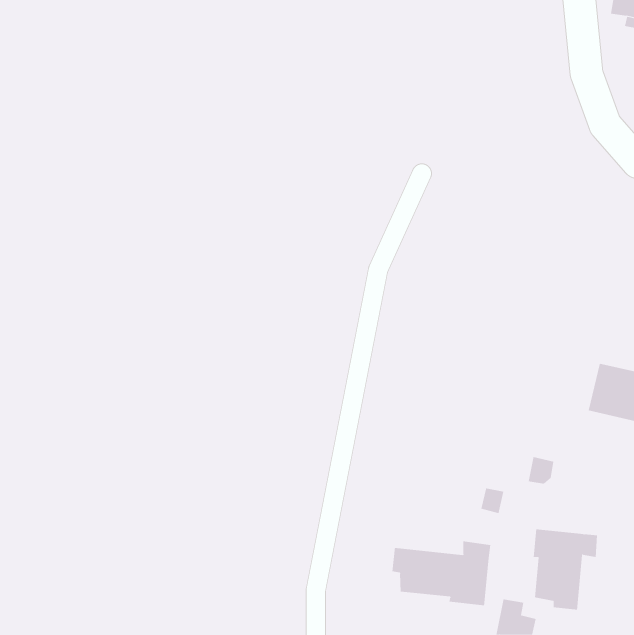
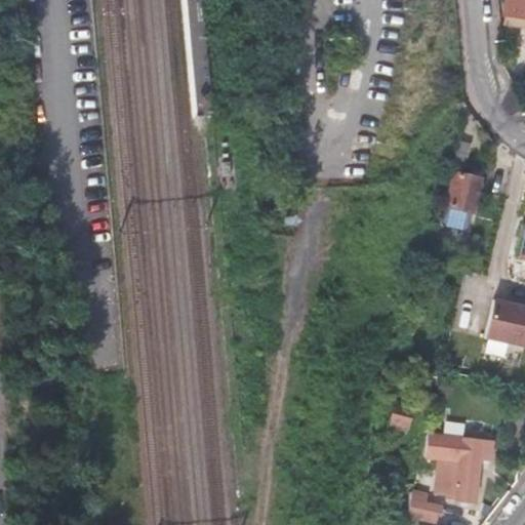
building: none -> [442,170,480,224]
building: [392,541,491,606] -> none

